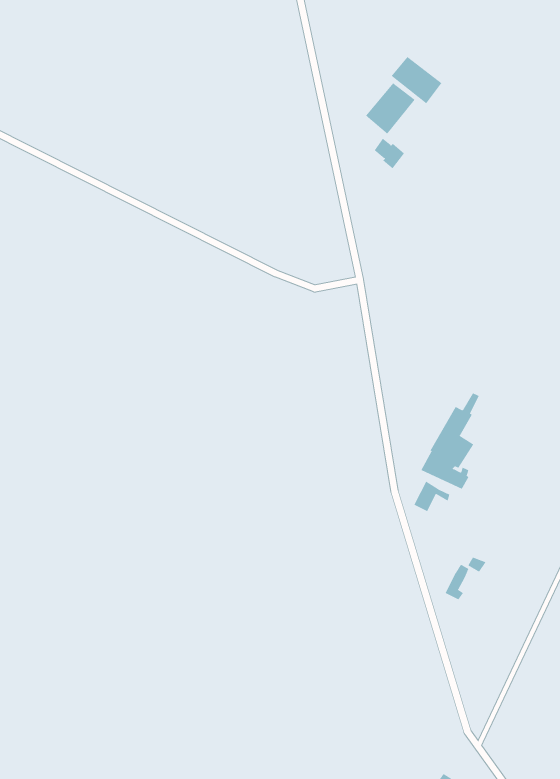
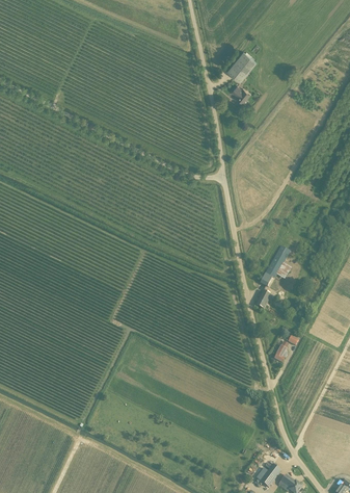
building: [391,56,442,104] -> none

